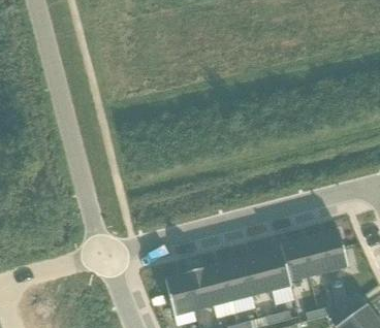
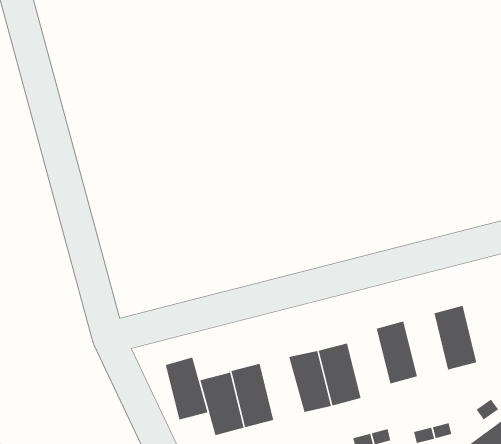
building: [299,233,328,275] -> none
building: [262,243,291,290] -> none
building: [204,262,233,304] -> [165,357,208,421]

